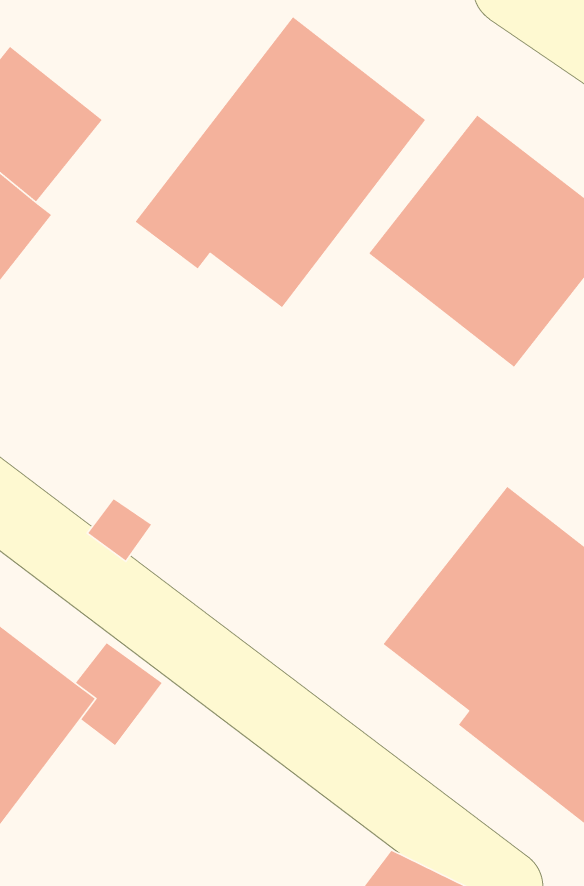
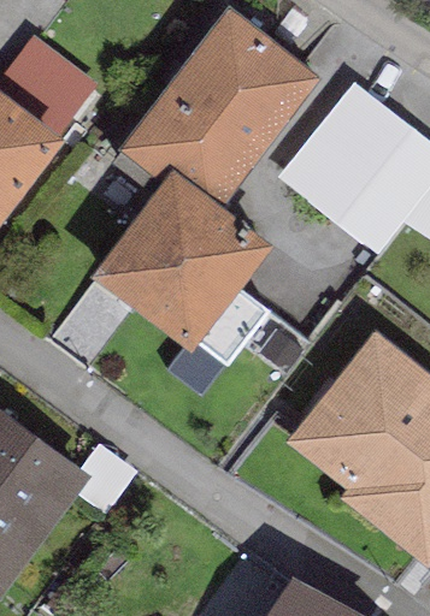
building: none -> [90,174,271,355]

